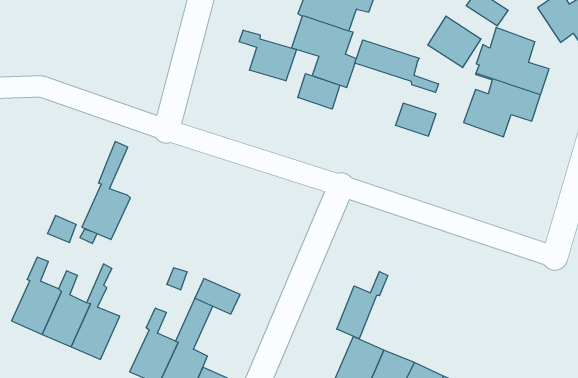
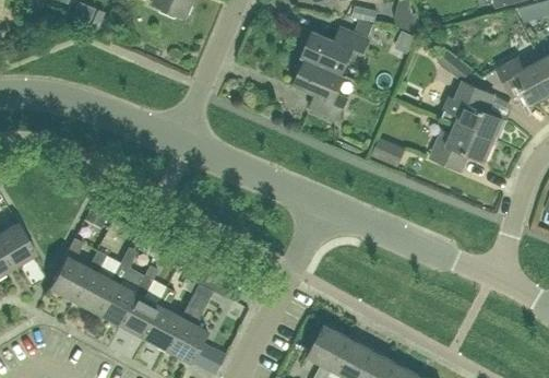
building: [428,16,481,68] -> none
building: [239,30,297,81] -> none
building: [355,40,439,92] -> none
building: [298,74,340,109] -> none
building: [82,141,130,240] -> [117,259,159,339]
building: [337,271,388,339] -> none

